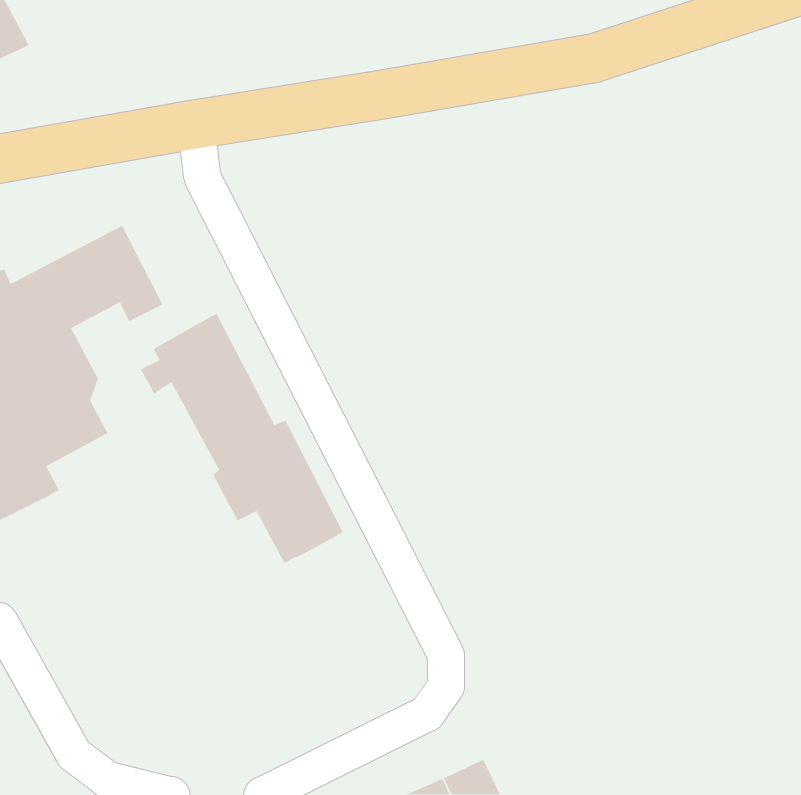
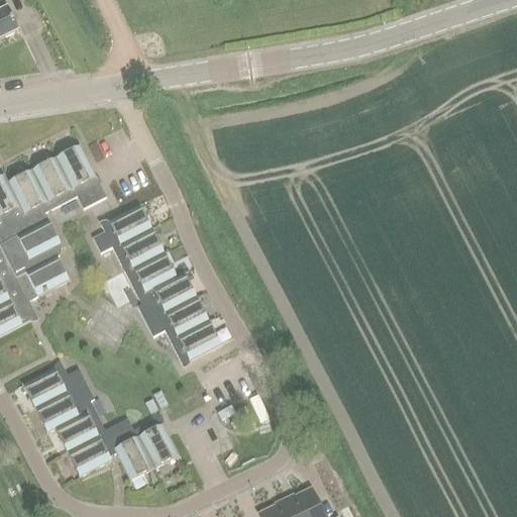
building: none -> [21,363,179,481]

